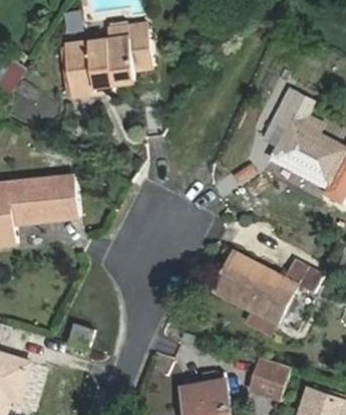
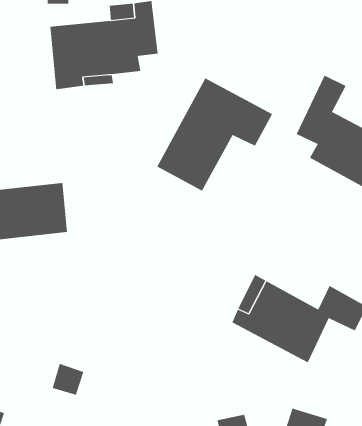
building: none -> [156,77,273,191]

